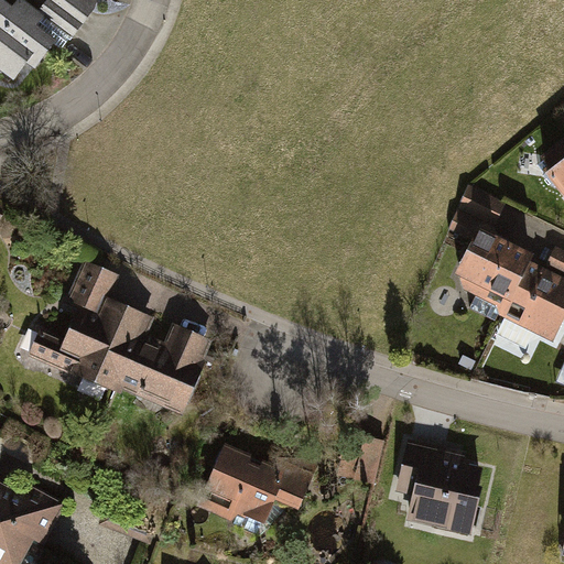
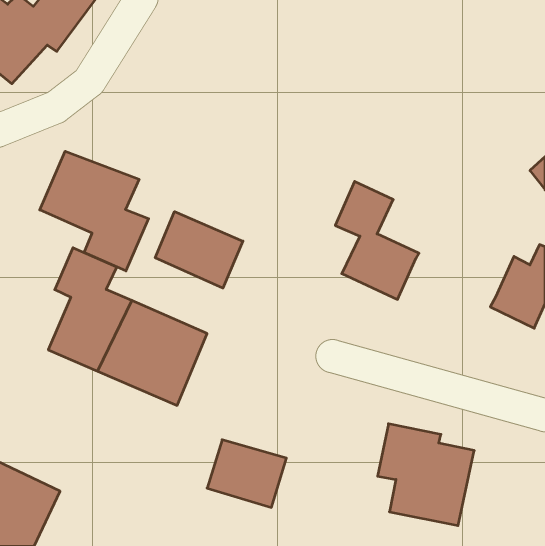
building: none -> [40,151,149,271]
building: [445,184,531,305] -> [335,181,419,299]
building: none -> [155,212,243,288]

